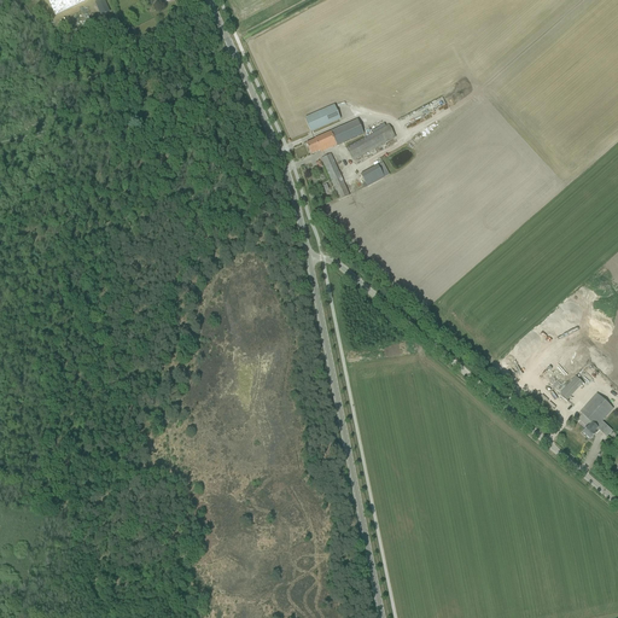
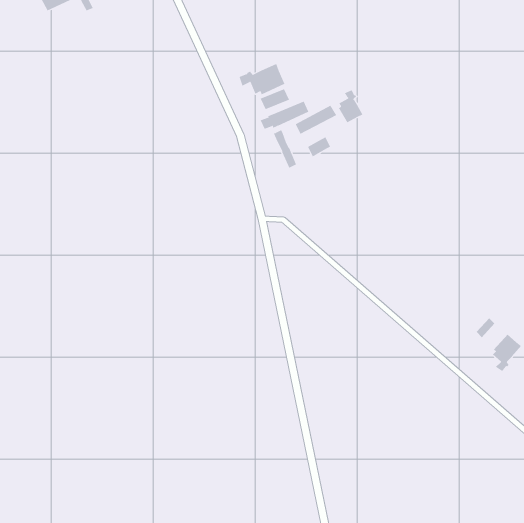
building: none -> [239,63,285,95]
building: none -> [338,90,363,123]

